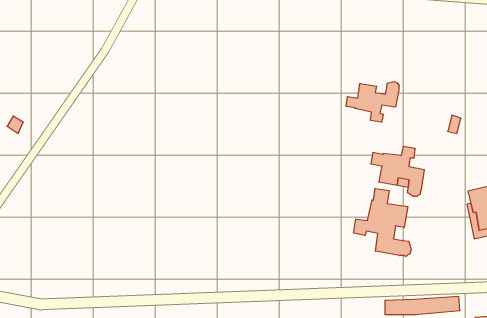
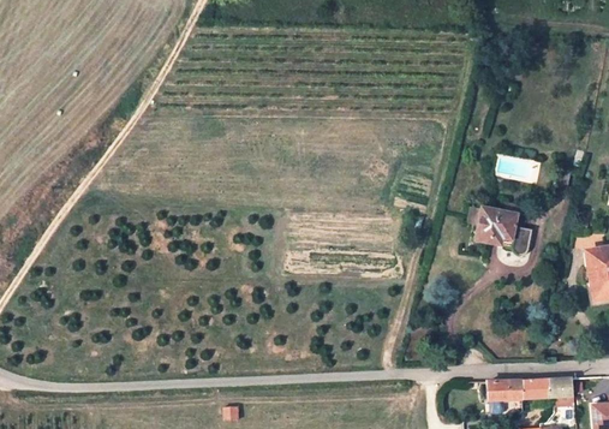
building: [346,82,399,122] -> none
building: [354,188,411,256] -> none

